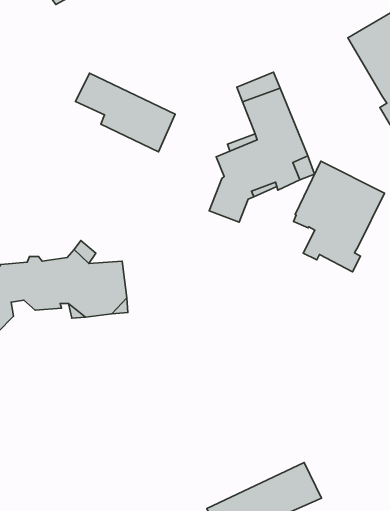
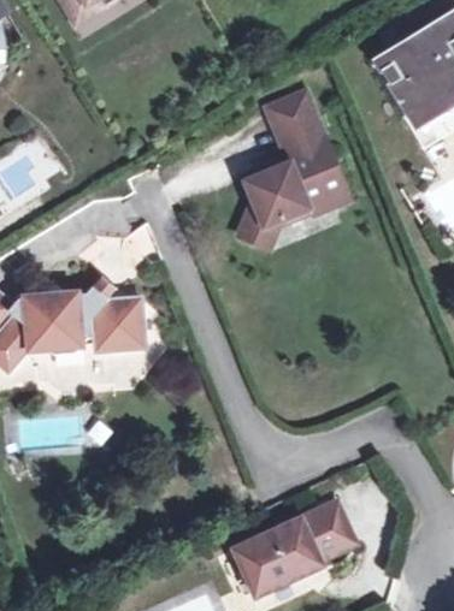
building: [75,73,175,152] -> none
building: [294,161,385,272] -> none

